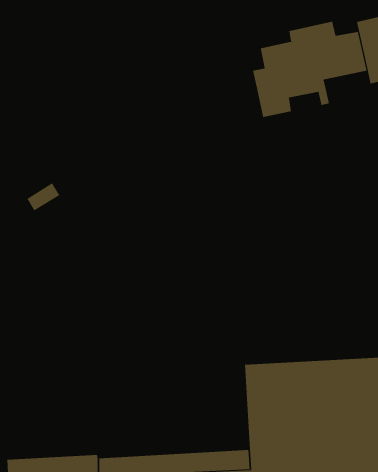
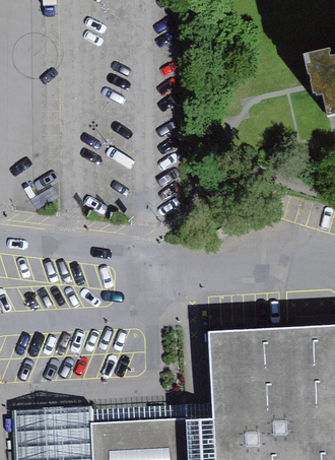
building: [253,21,367,118] -> none

